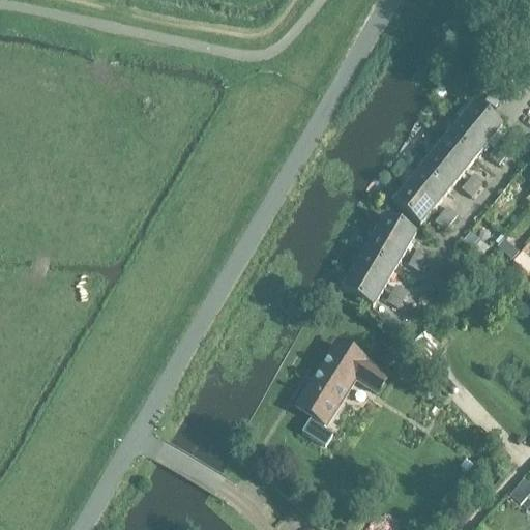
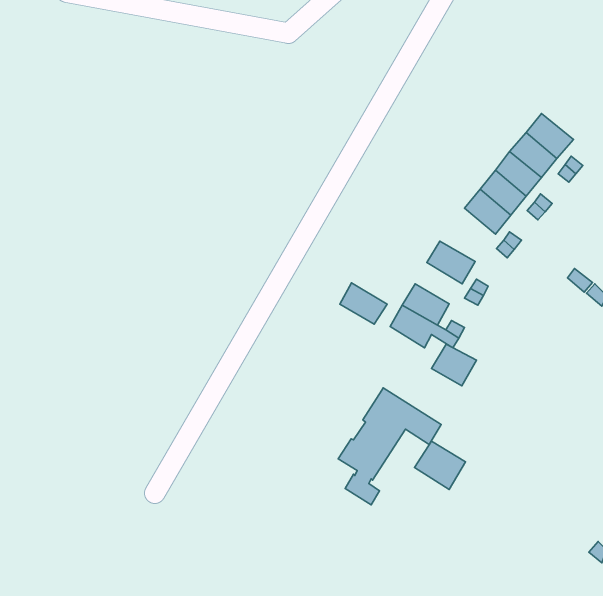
building: [393,182,435,222] -> none
building: [364,230,406,266] -> [340,283,387,324]
building: none -> [431,344,476,386]
building: none -> [415,441,466,489]

